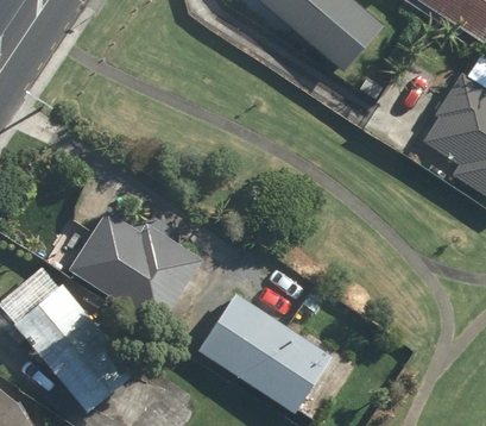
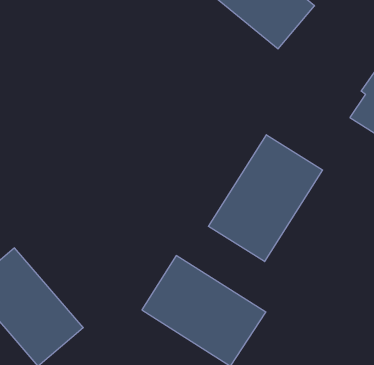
building: none -> [208,135,323,262]
building: [69,209,201,325] -> none

